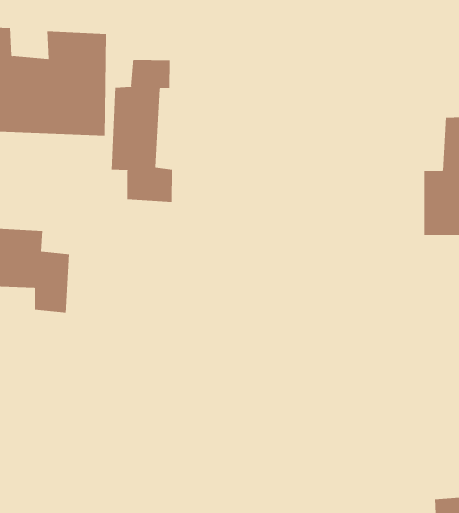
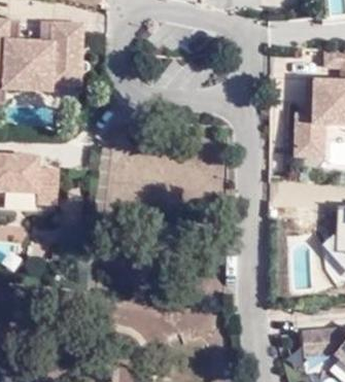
building: [111,59,173,203] -> none

